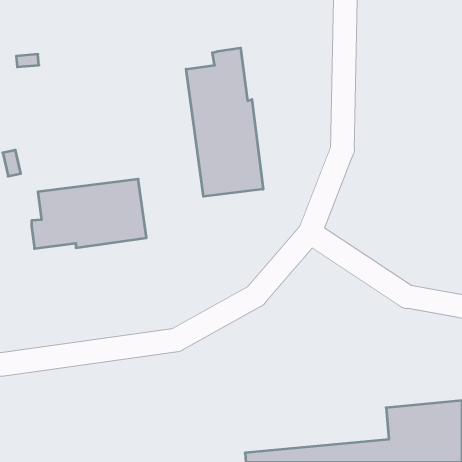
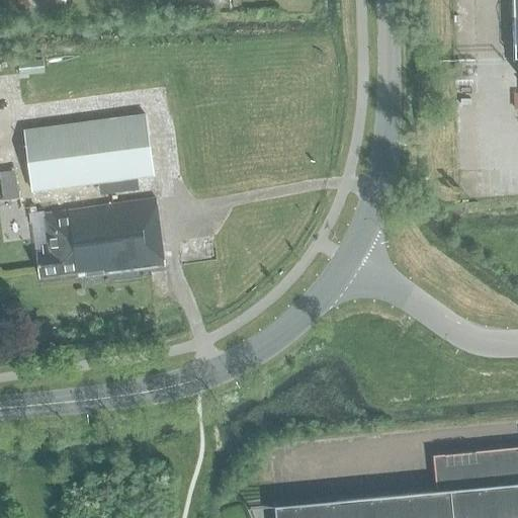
building: [186,48,263,196] -> none
building: none -> [24,115,152,192]

